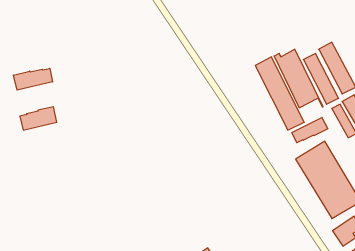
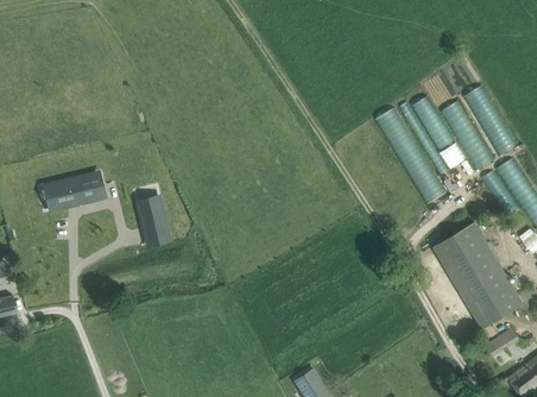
building: [13,68,53,90] -> none
building: [292,117,328,143] -> none
building: none -> [137,196,168,245]

